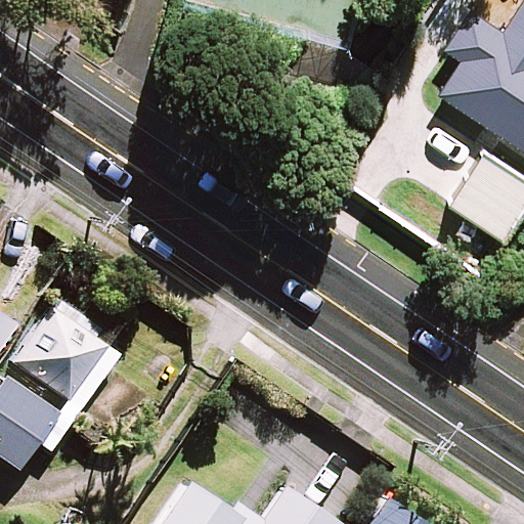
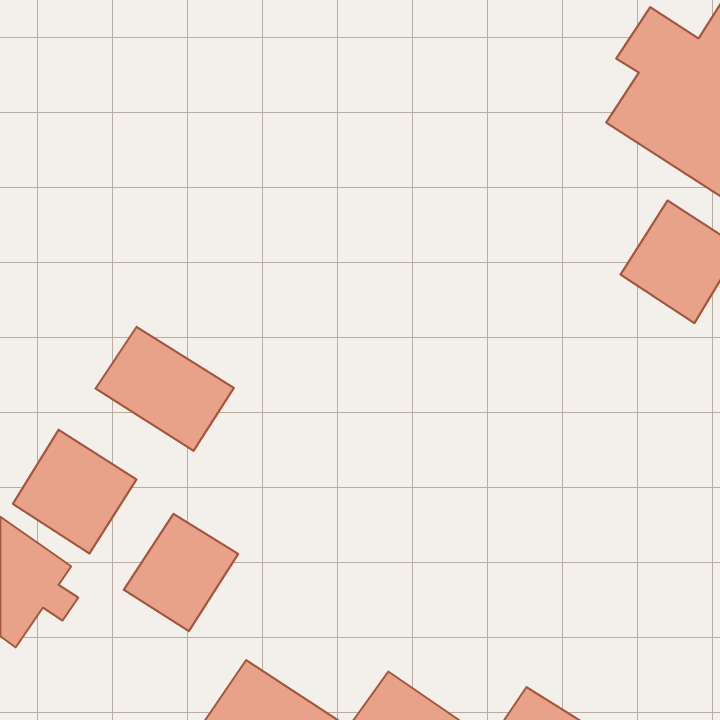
building: none -> [95,327,234,451]
building: none -> [124,514,238,631]

